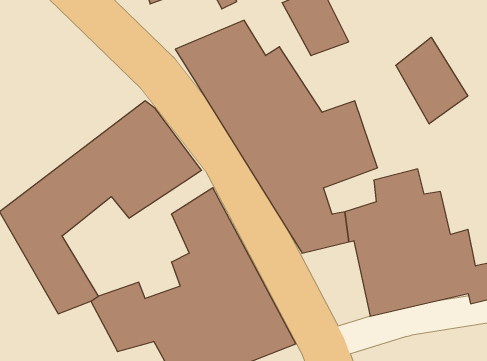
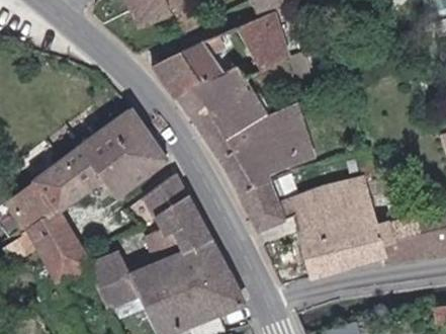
building: [396,37,468,124] -> none

